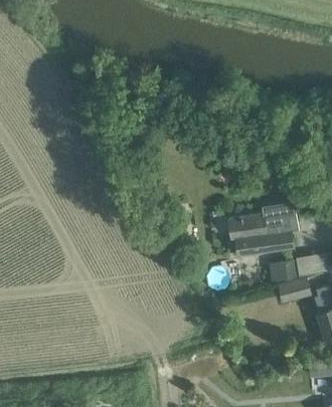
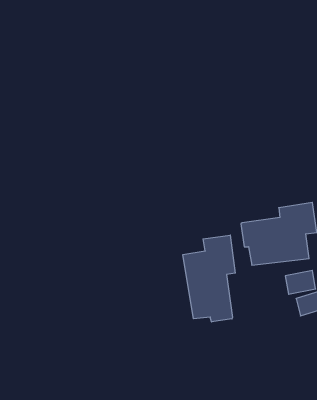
building: none -> [183,235,235,322]

